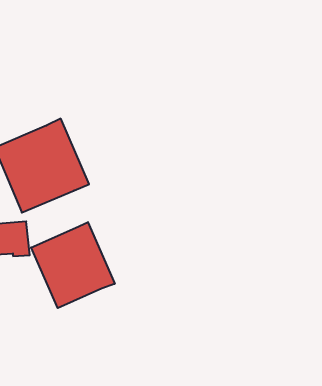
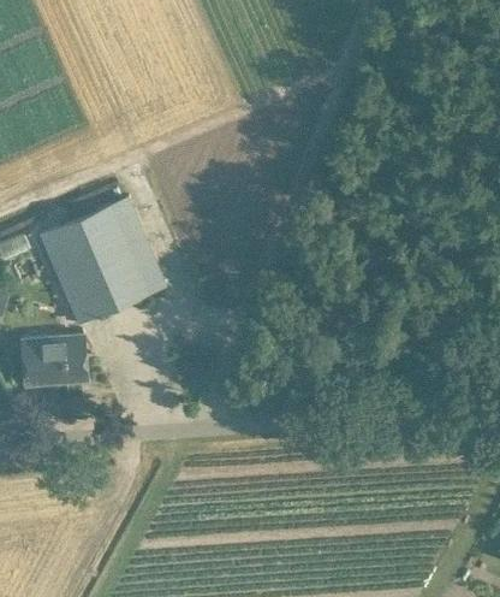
building: [31,222,115,308] -> none

